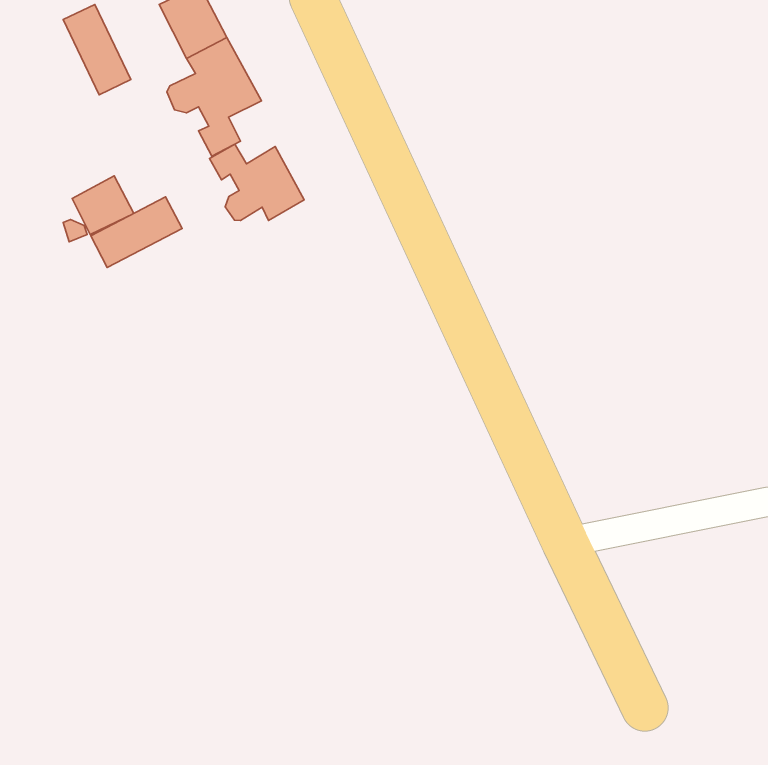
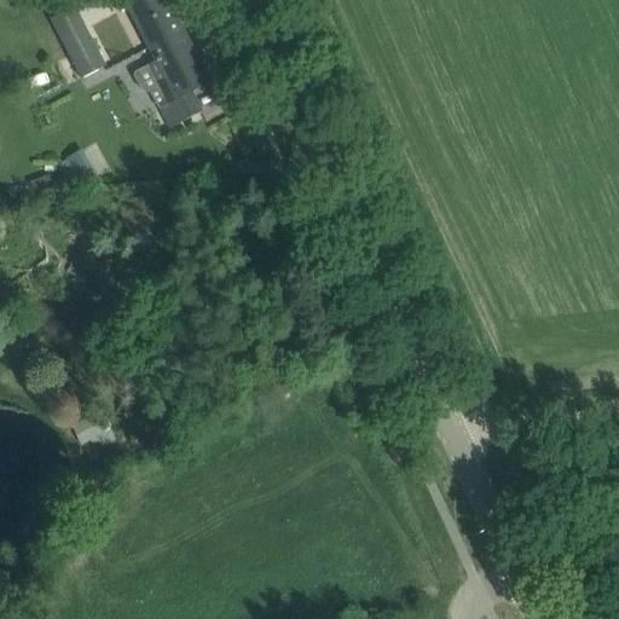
building: [210,144,304,221] -> none
building: [91,197,182,267] -> none

